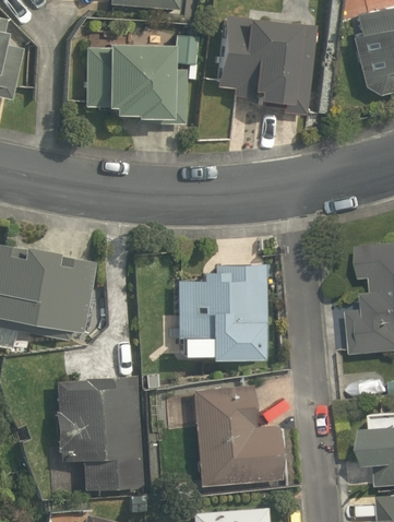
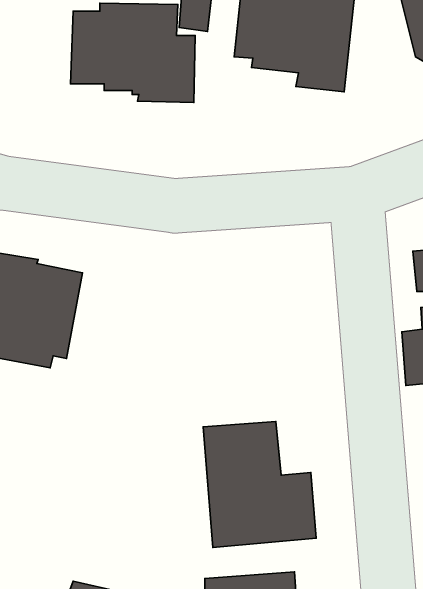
building: [178,266,267,360] -> none
building: [56,376,143,489] -> none

